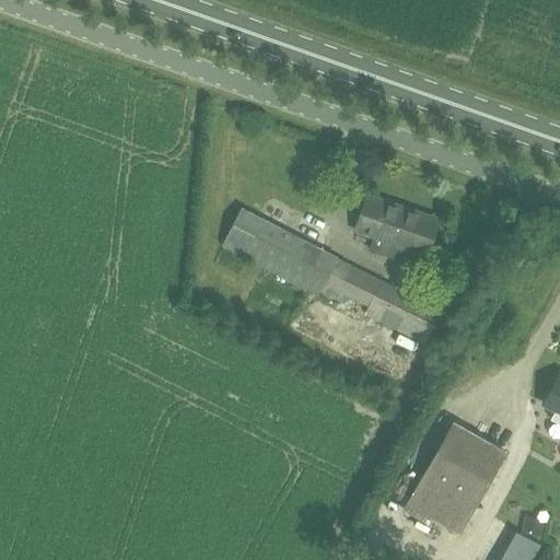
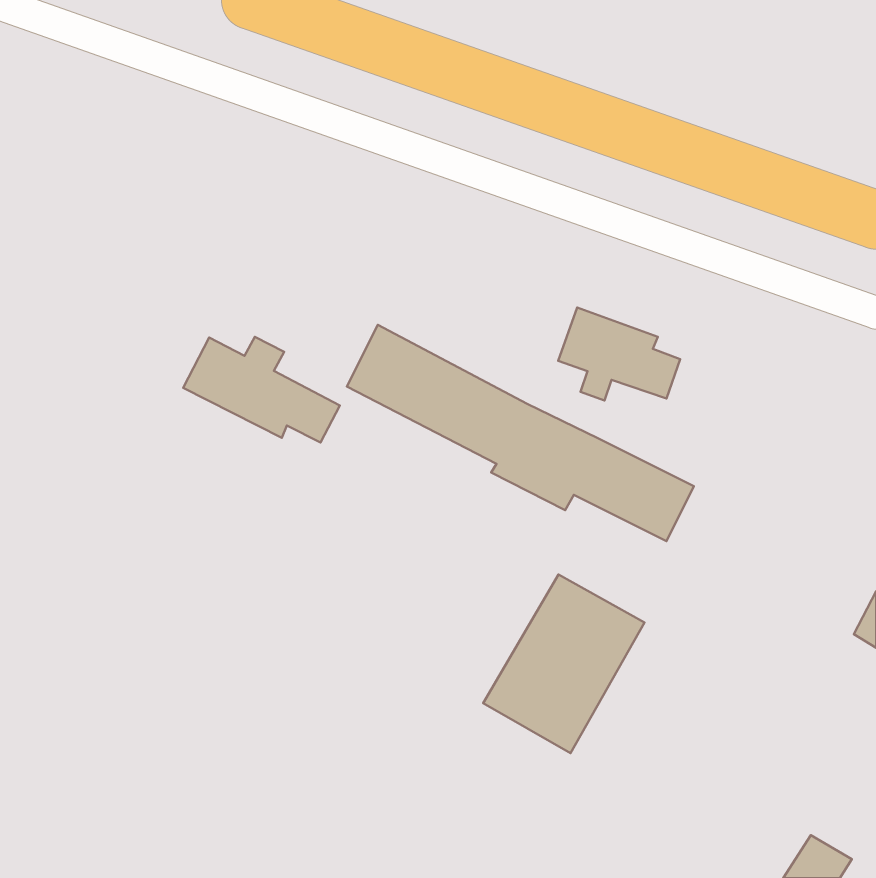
building: none -> [183,337,340,442]
building: [405,421,508,535] -> [483,574,644,753]

